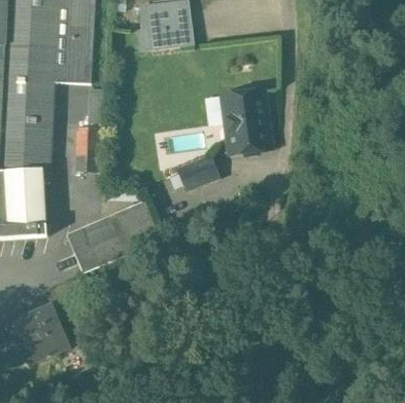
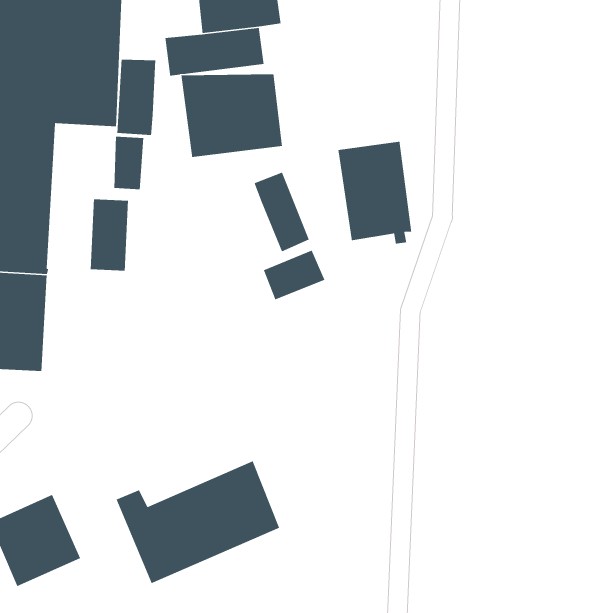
building: none -> [117,59,156,136]
building: none -> [181,73,283,158]
building: none -> [254,172,310,252]
building: [59,198,159,273] -> [116,460,280,584]

